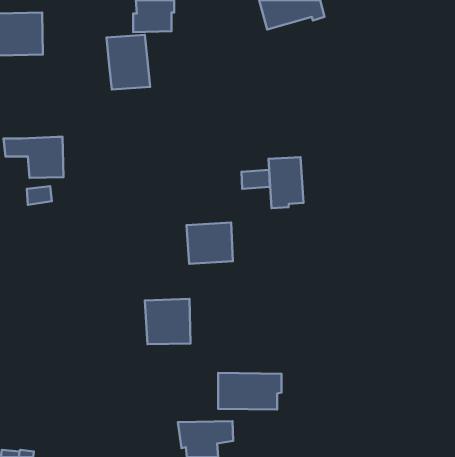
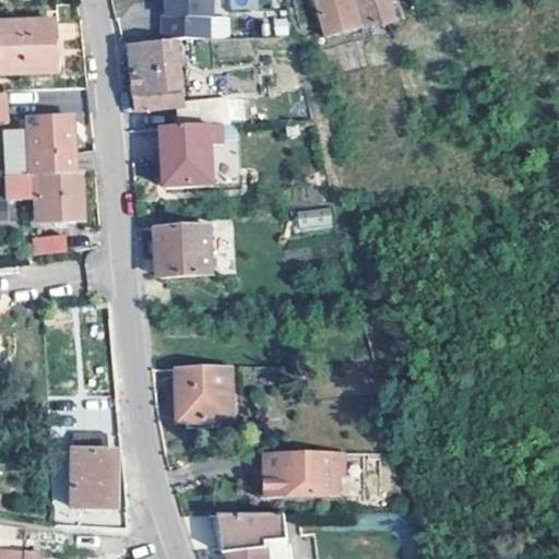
building: none -> [25,112,70,169]
building: none -> [163,124,217,187]
building: [268,157,303,208] -> none
building: [186,223,233,264] -> [156,226,213,276]
building: none -> [68,428,110,503]

